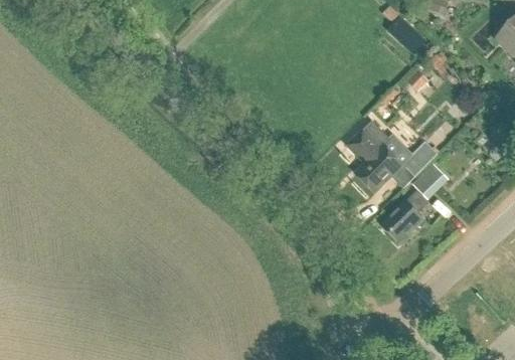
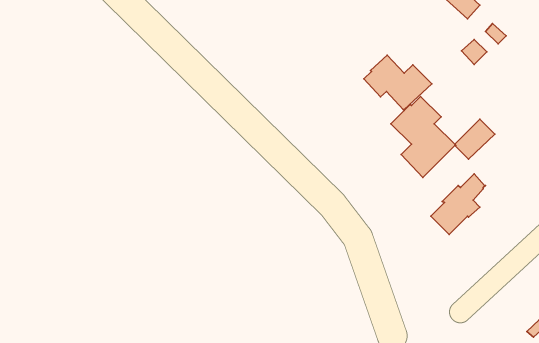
building: none -> [364,55,432,110]
building: [412,161,449,198] -> none

